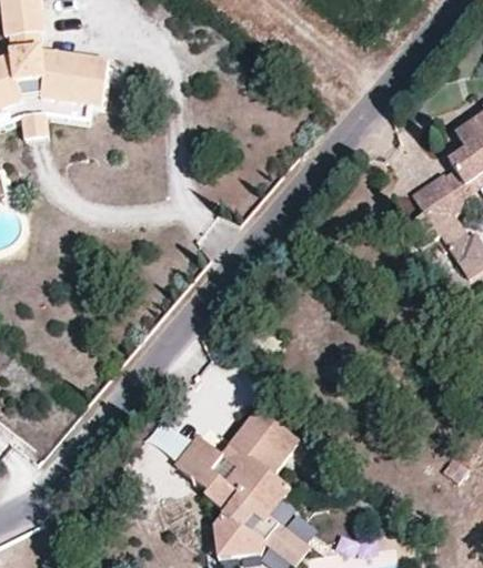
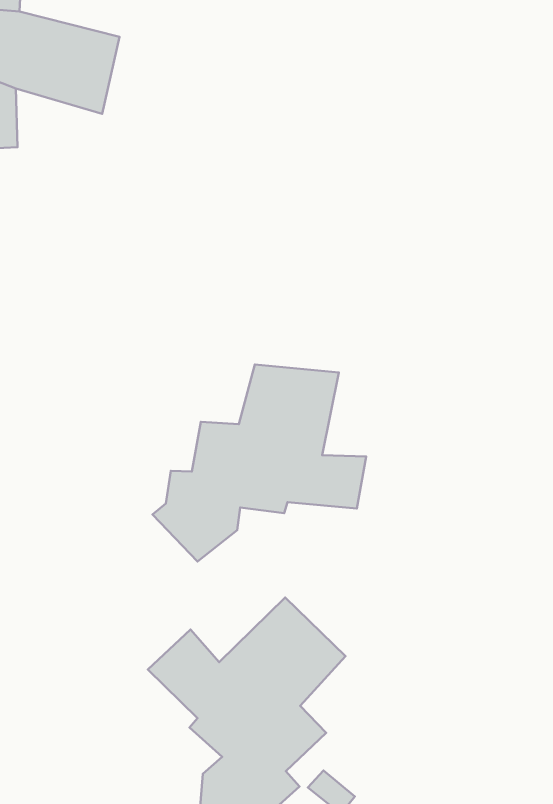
building: none -> [153,364,366,561]

